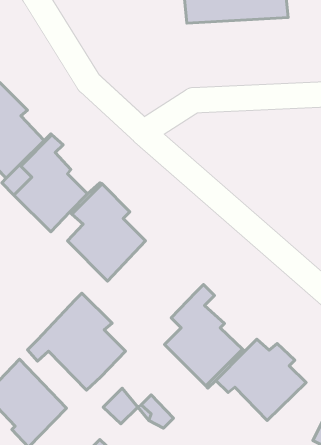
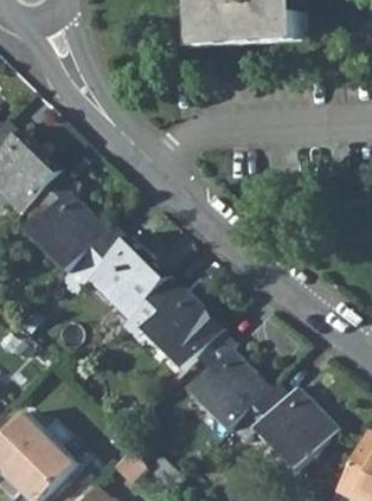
building: [27,293,125,390] -> [105,272,210,375]

